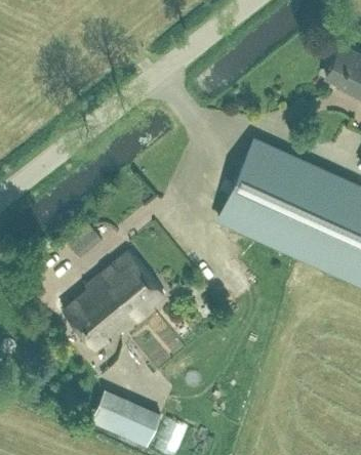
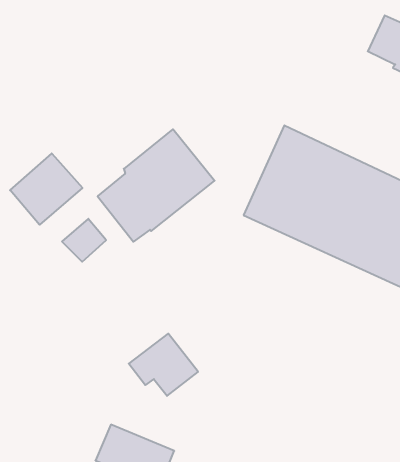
building: none -> [10,153,82,225]
building: [64,252,164,348] -> [98,129,215,242]

